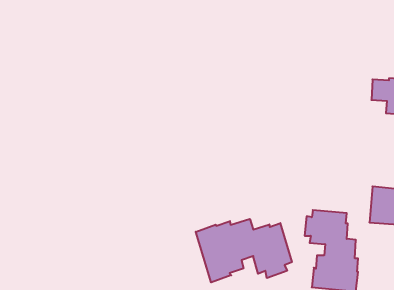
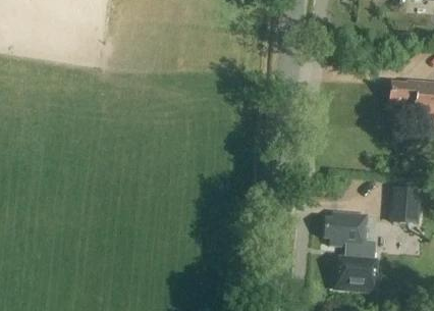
building: [196,219,292,282] -> none

